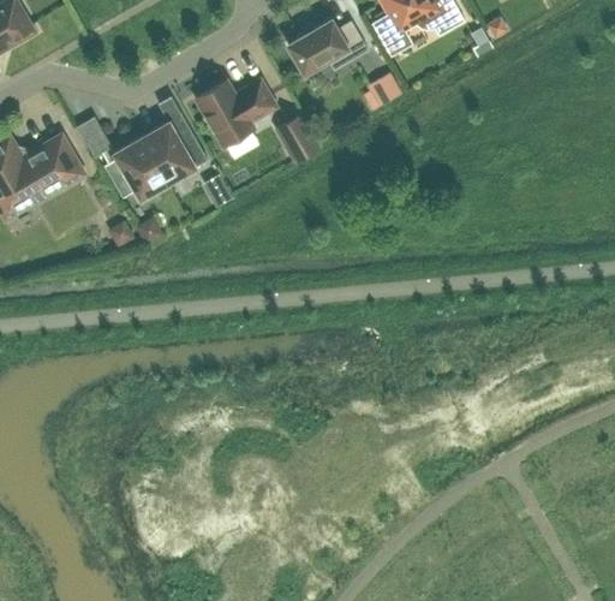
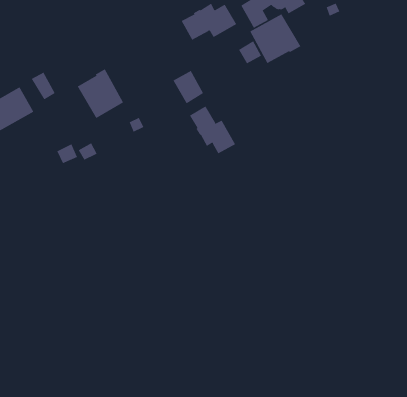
building: none -> [249,13,301,64]
building: [196,78,275,143] -> none
building: [113,136,167,197] -> none
building: none -> [189,106,236,154]

